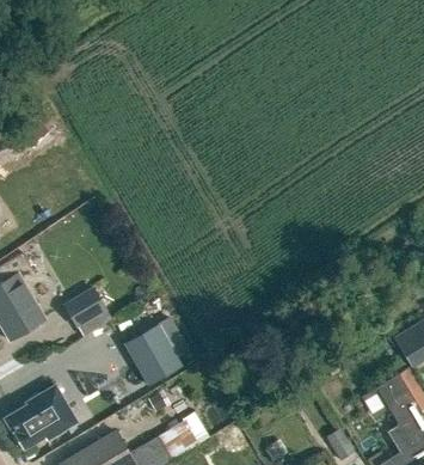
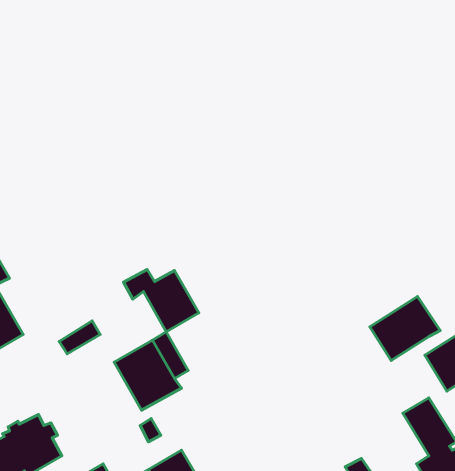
building: none -> [123,270,199,332]
building: none -> [370,296,440,360]
building: [64,287,105,325] -> none

